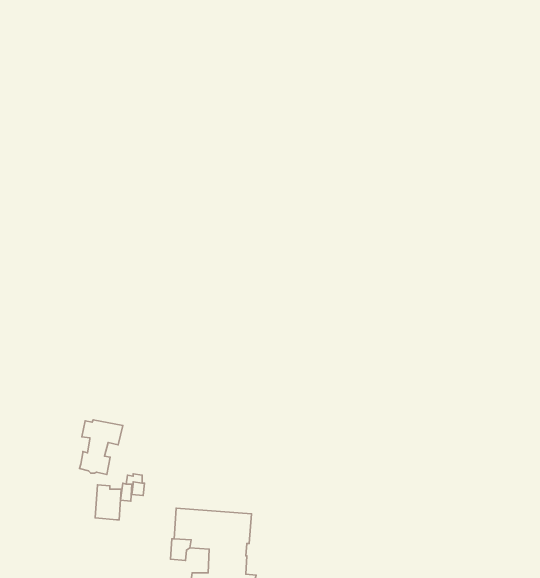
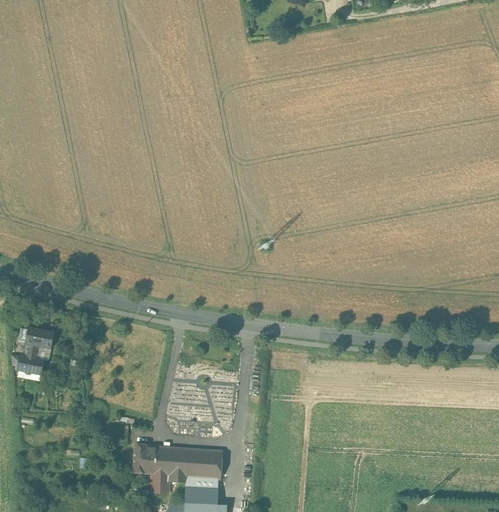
building: [80,420,123,474] -> [17,327,55,375]
building: [95,485,121,520] -> [134,443,157,474]

